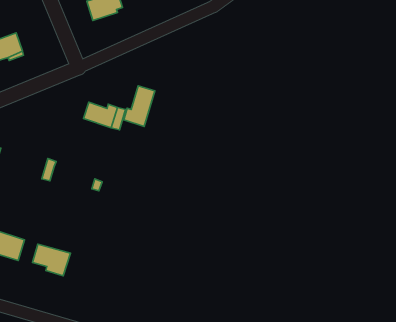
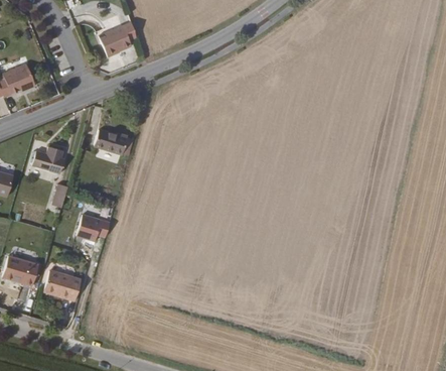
building: [124,86,155,127] -> none
building: none -> [33,147,67,176]
building: none -> [77,213,104,242]

